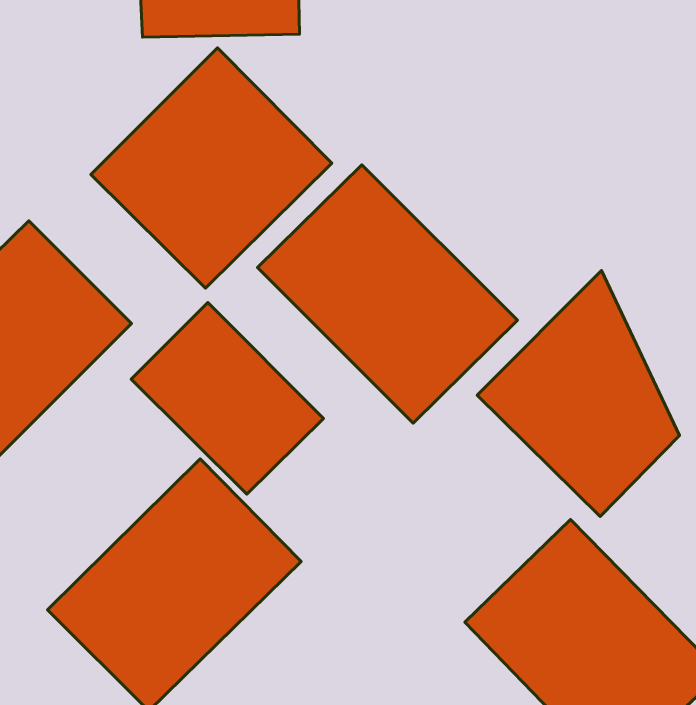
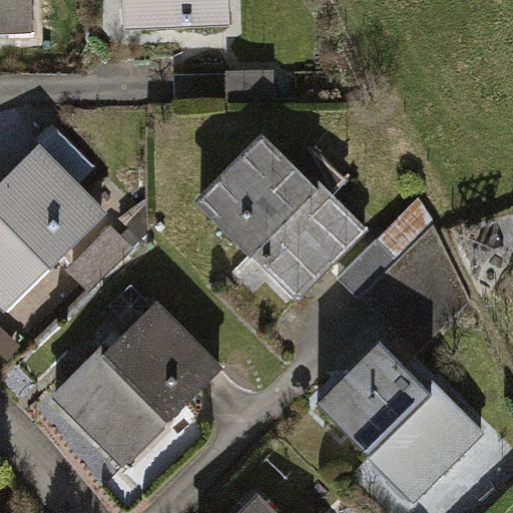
building: [91,48,332,288] -> none
building: [131,303,323,494] -> none

